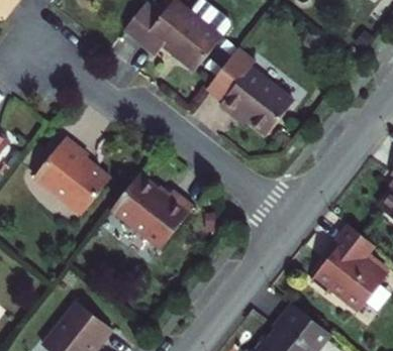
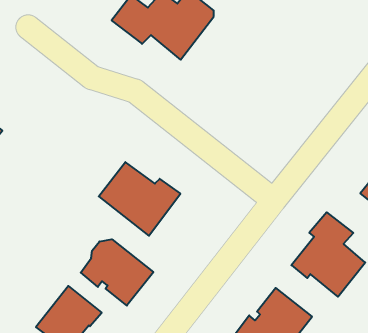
building: [205,48,292,135] -> none
building: [34,134,109,210] -> none
building: none -> [81,239,153,306]

